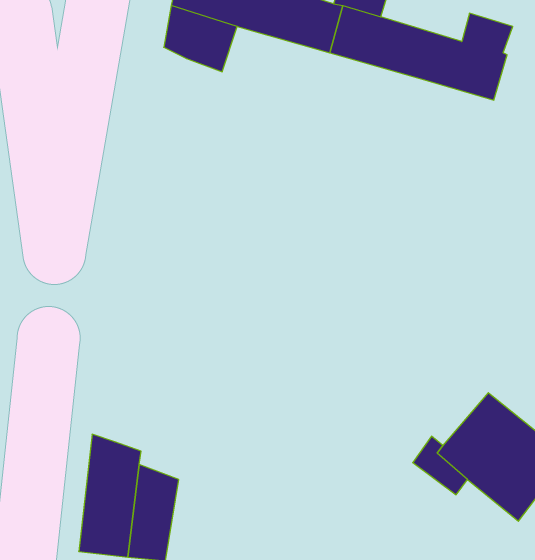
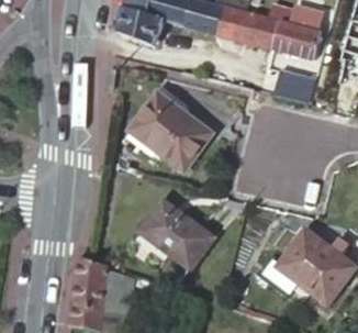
building: none -> [132,91,213,168]
building: none -> [142,196,213,265]

